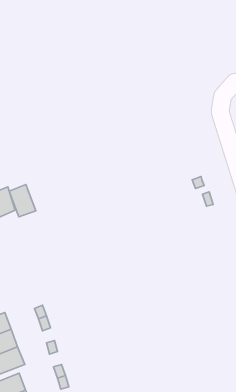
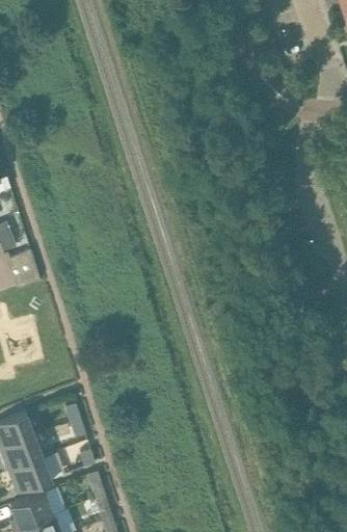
building: [9,185,36,217] -> none

